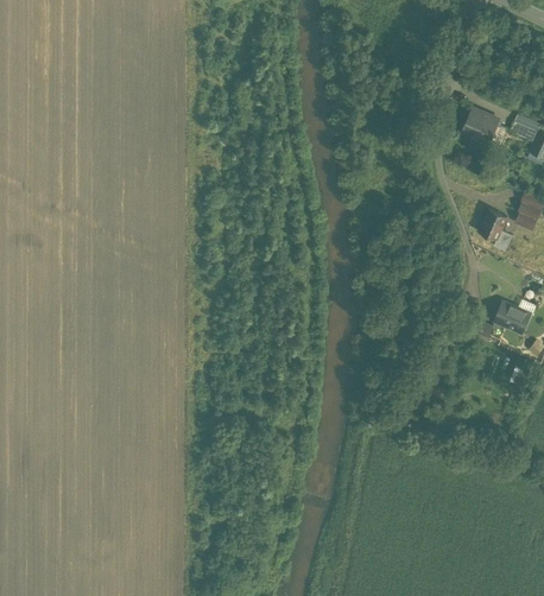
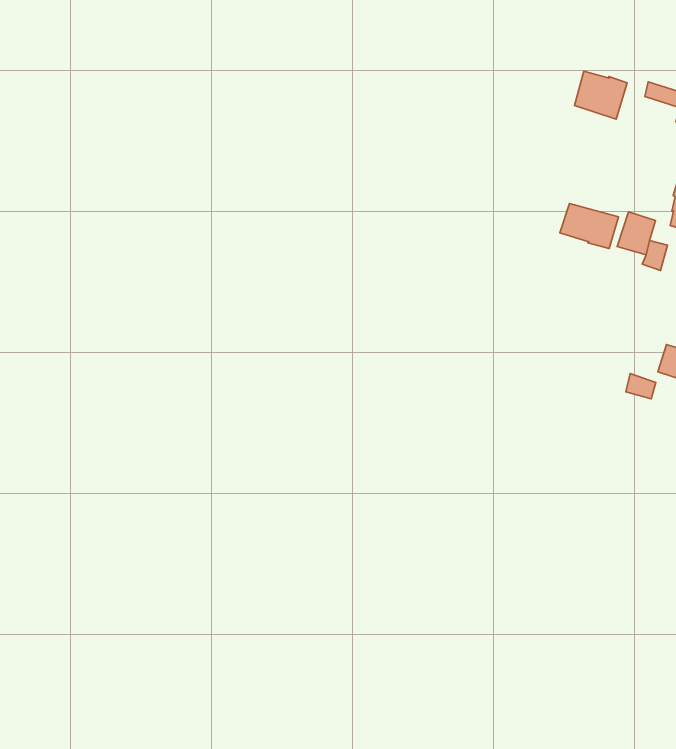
building: none -> [560,203,618,248]

